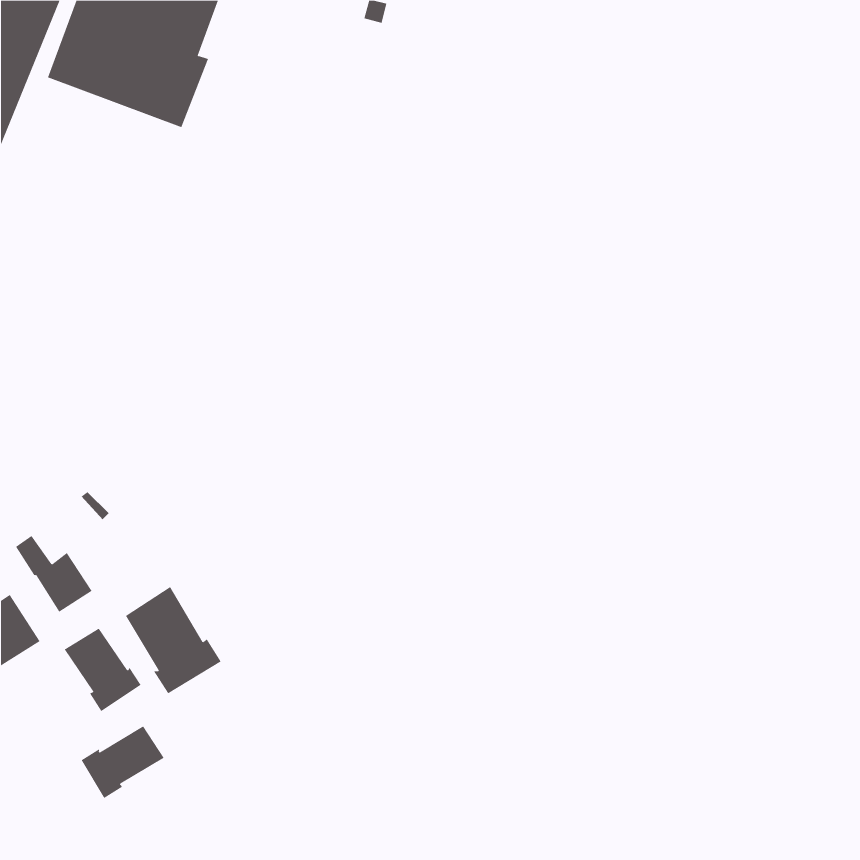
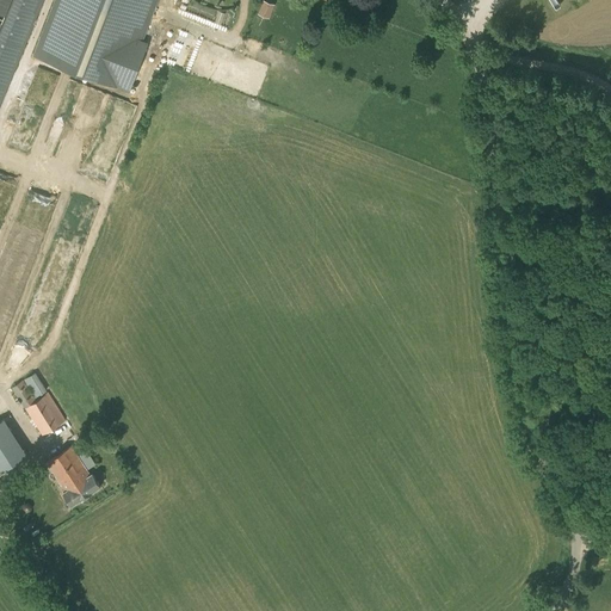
building: [125,586,222,694] -> none
building: [81,725,165,799] -> none

